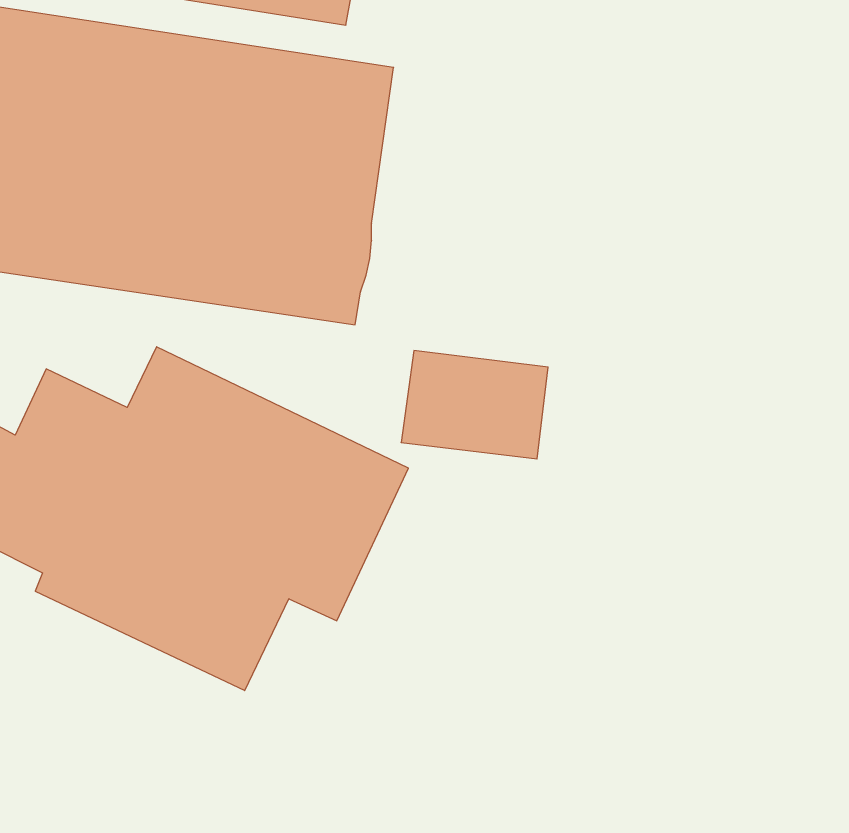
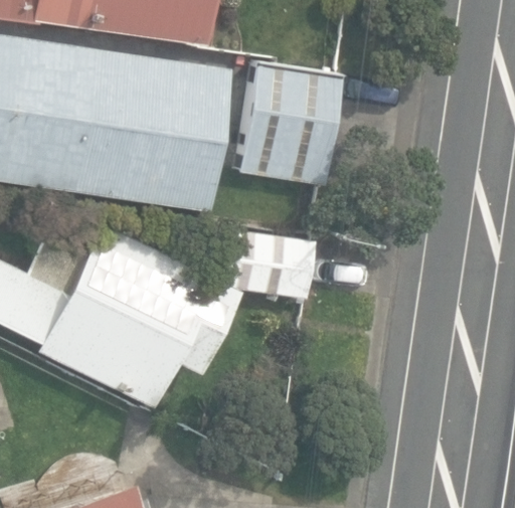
building: none -> [240,64,341,183]

